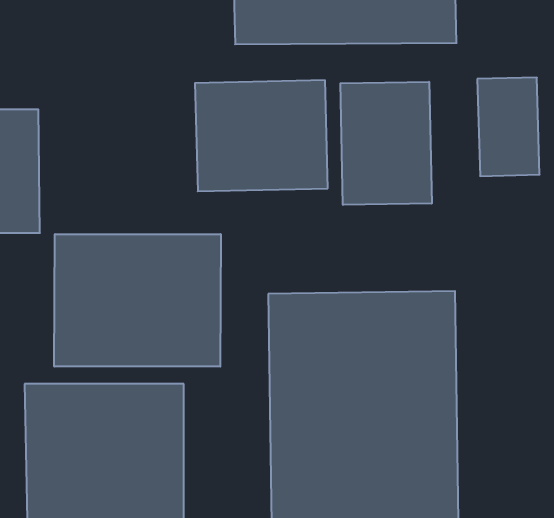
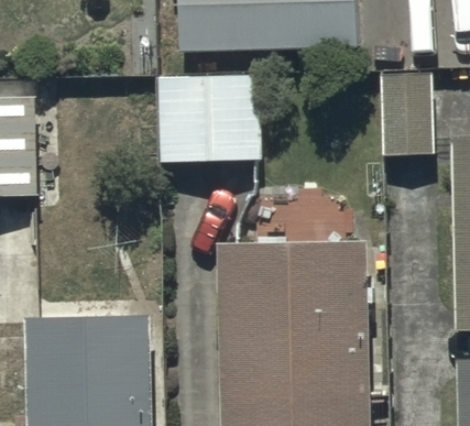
building: [340,82,432,205] -> none
building: [54,234,221,367] -> none

